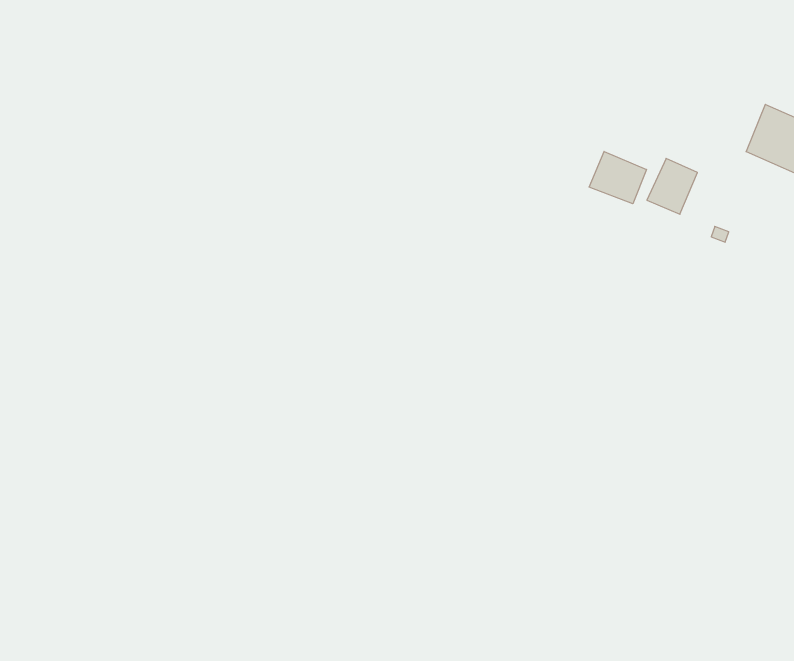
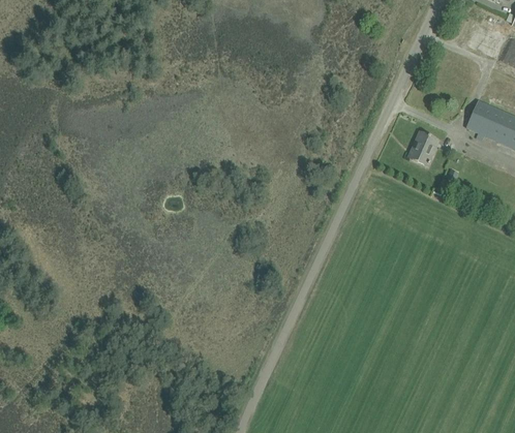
building: [589,151,646,204] -> none

